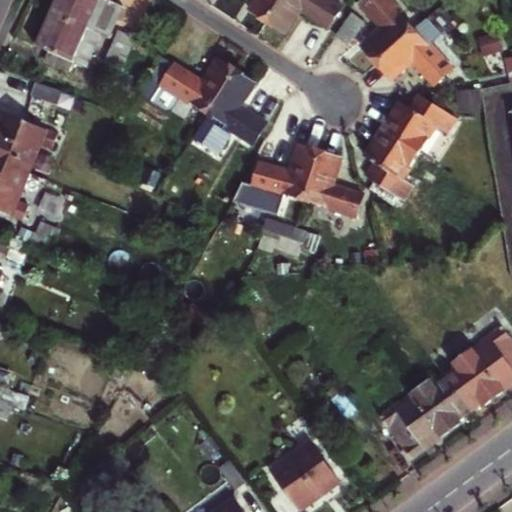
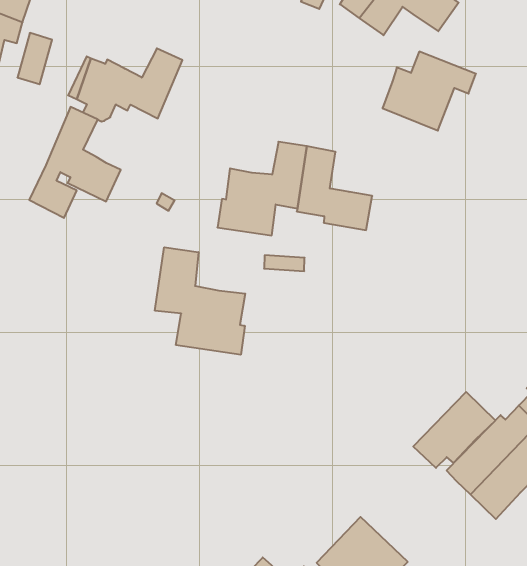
building: [191,70,264,153] -> [29,107,121,218]
building: [363,132,418,203] -> none
building: none -> [155,247,245,355]
building: none -> [413,392,495,468]

